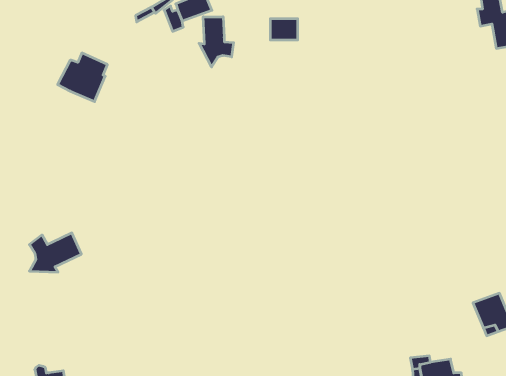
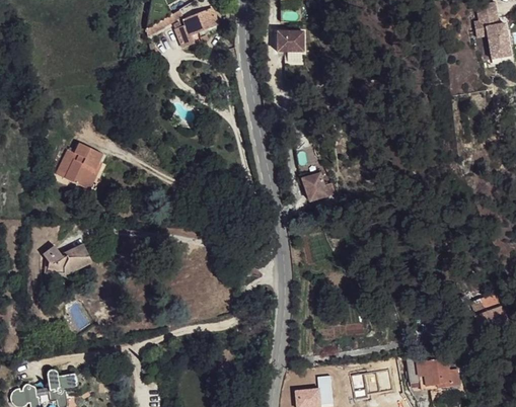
building: [199,17,234,67] -> none
building: [58,53,107,102] -> [56,137,103,183]
building: none -> [304,173,337,202]

